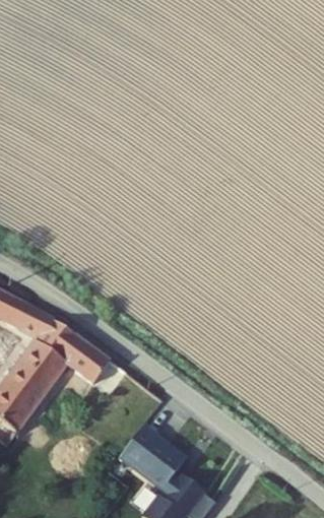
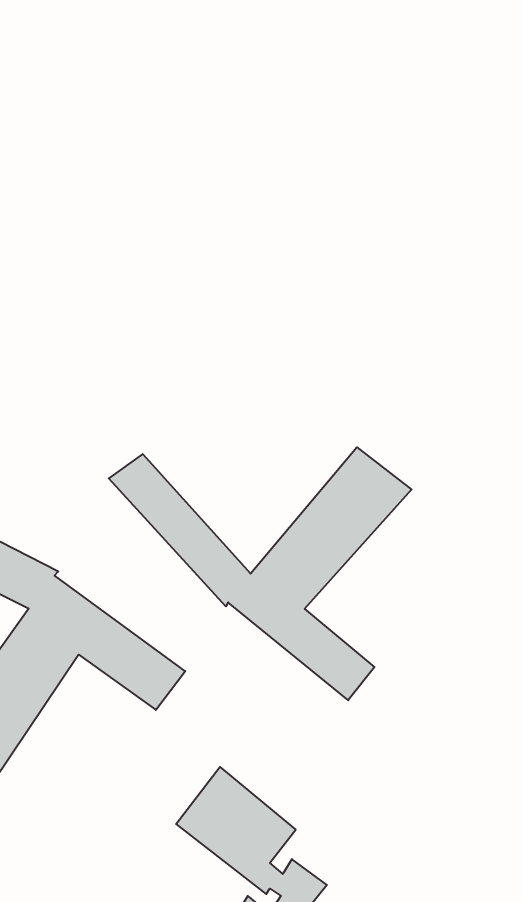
building: none -> [109,447,412,700]

